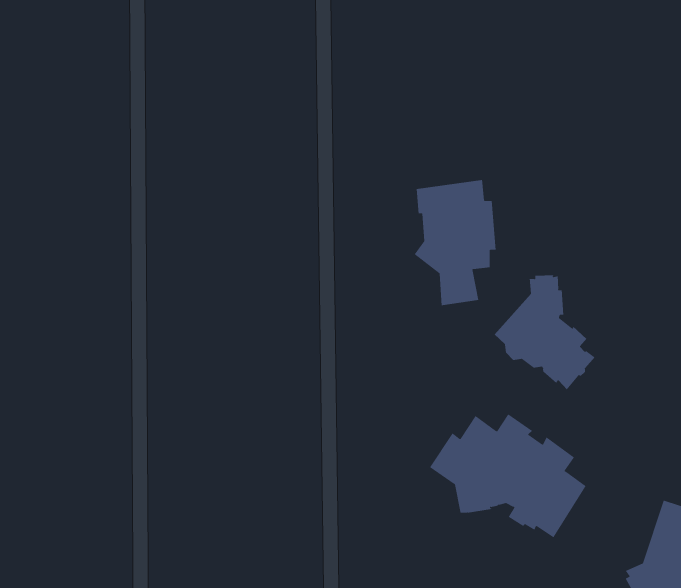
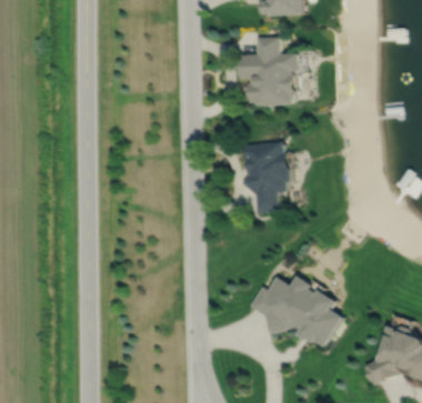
building: none -> [239,39,298,108]
building: [494,274,596,390] -> none

